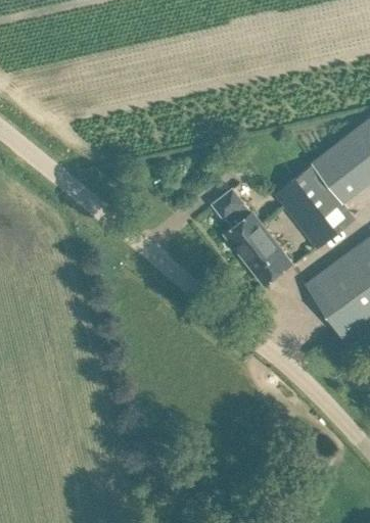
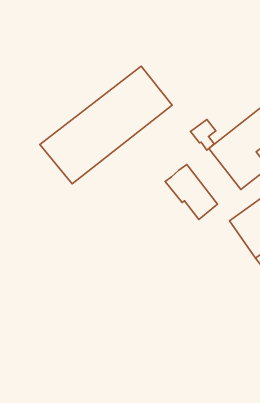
building: none -> [40,66,172,184]
building: [212,189,243,228] -> [191,120,216,150]

